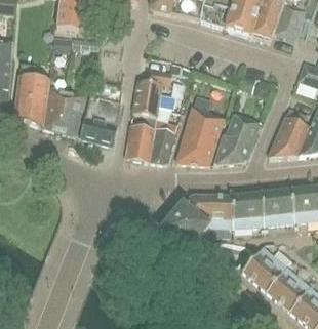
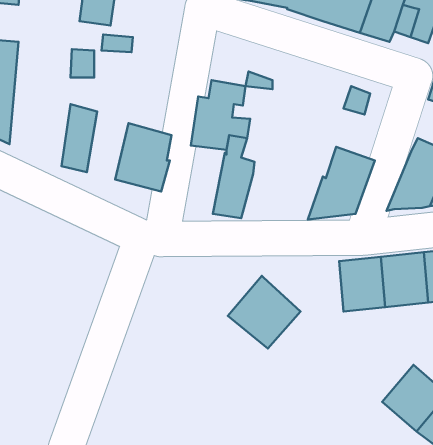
building: [14,61,51,126] -> none
building: [62,88,85,134] -> none
building: [176,93,225,163] -> none
building: [126,115,157,159] -> none
building: [184,192,239,227] -> none
building: [242,244,287,289] -> none

